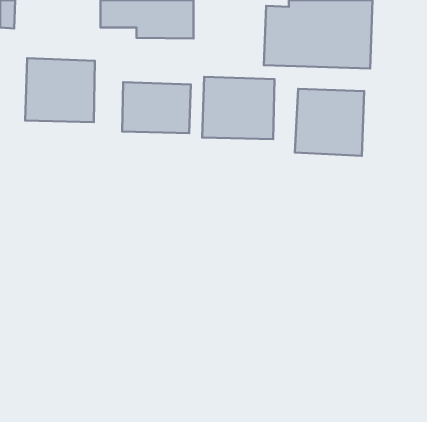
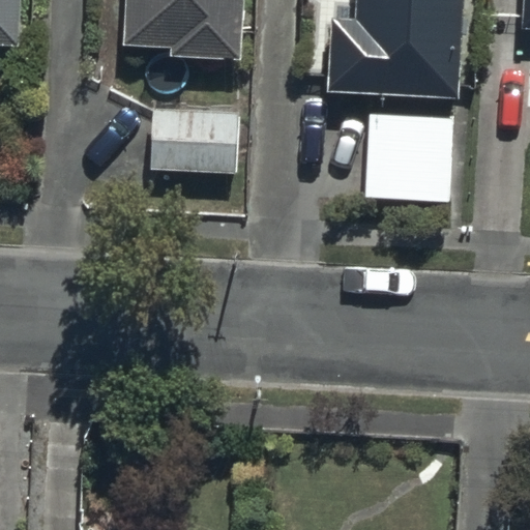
building: [25,58,95,122] -> none
building: [202,77,274,139] -> none

